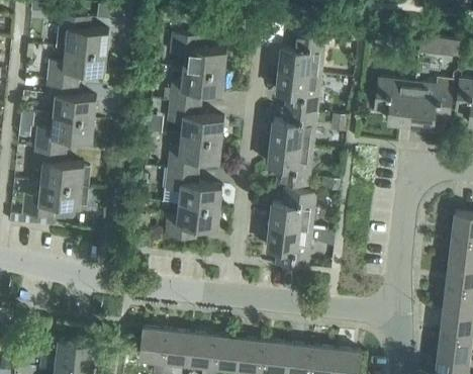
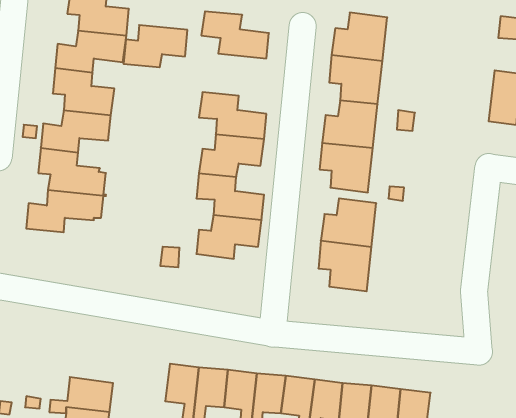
building: [170,67,223,102] -> [123,25,187,67]
building: [374,77,414,123] -> none

